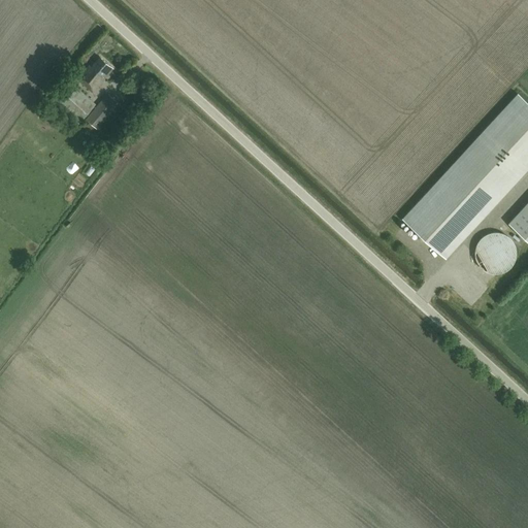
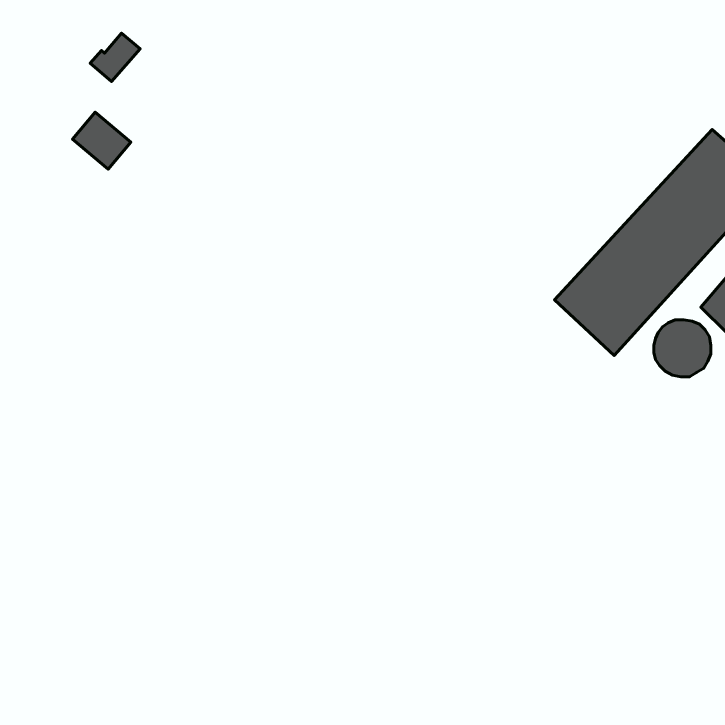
building: [78,58,114,93] -> [90,33,140,82]
building: [87,95,119,129] -> none

